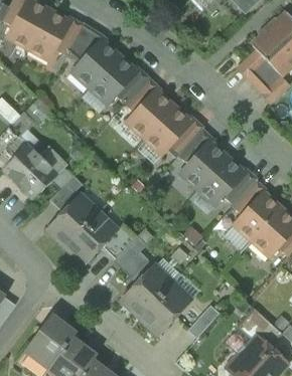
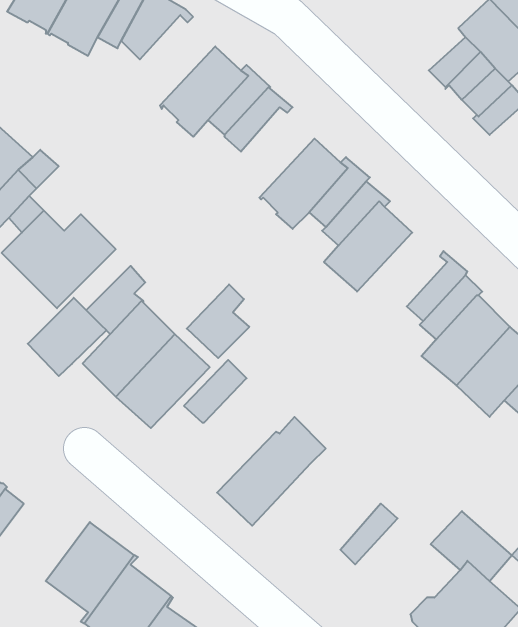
building: [70,38,120,87] -> none
building: [126,88,174,138] -> none
building: [197,157,247,206] -> none
building: none -> [28,298,106,376]
building: [114,236,148,276] -> [187,284,249,358]
building: [140,283,191,334] -> none

